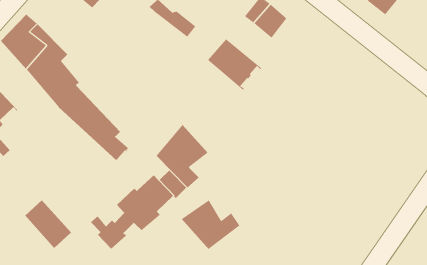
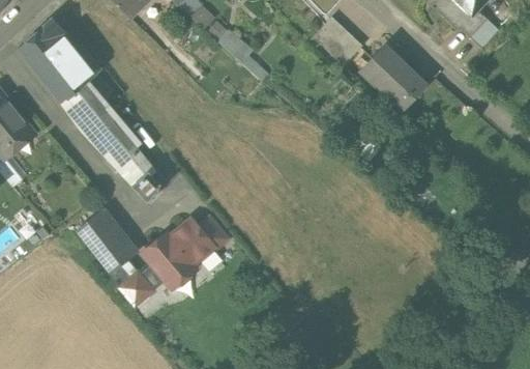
building: [207,38,262,90] -> [361,47,425,110]
building: [156,124,208,188] -> none
building: [181,200,240,250] -> none
building: [25,200,72,249] -> [77,214,131,273]

